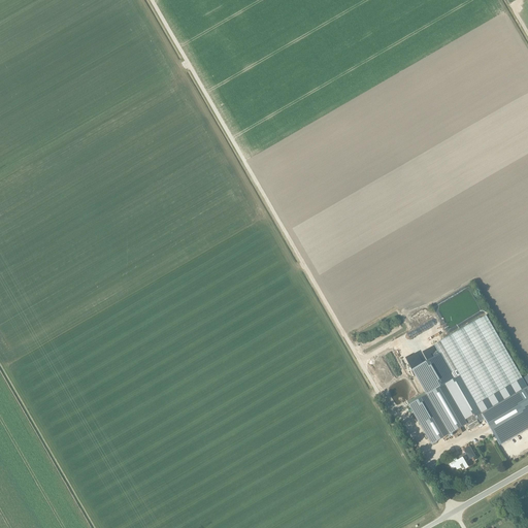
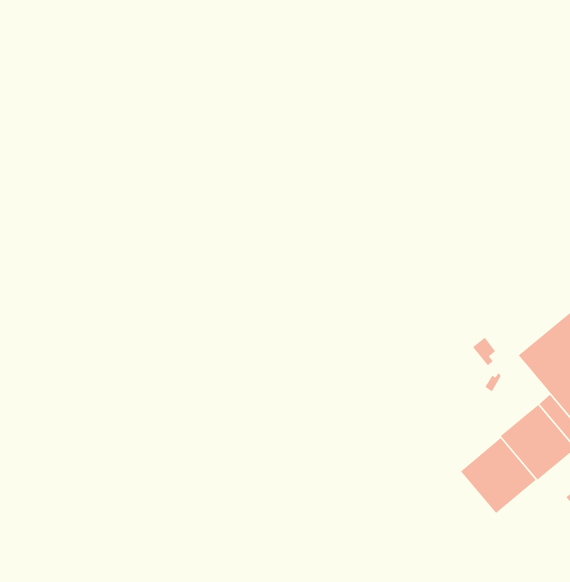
building: [412,354,453,393] -> none
building: none -> [460,437,536,514]

